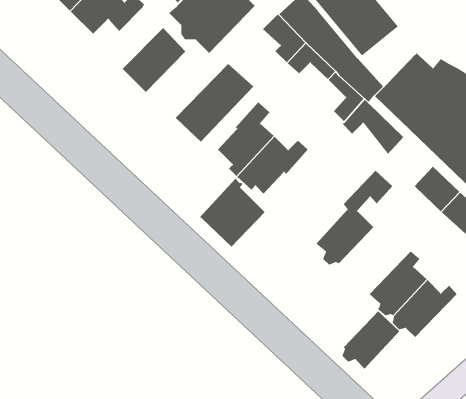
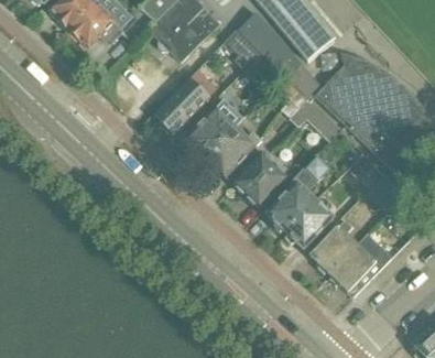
building: [122,27,186,93] -> none
building: [199,178,266,248] -> [233,149,287,205]
building: [341,311,400,369] -> [286,200,334,248]

